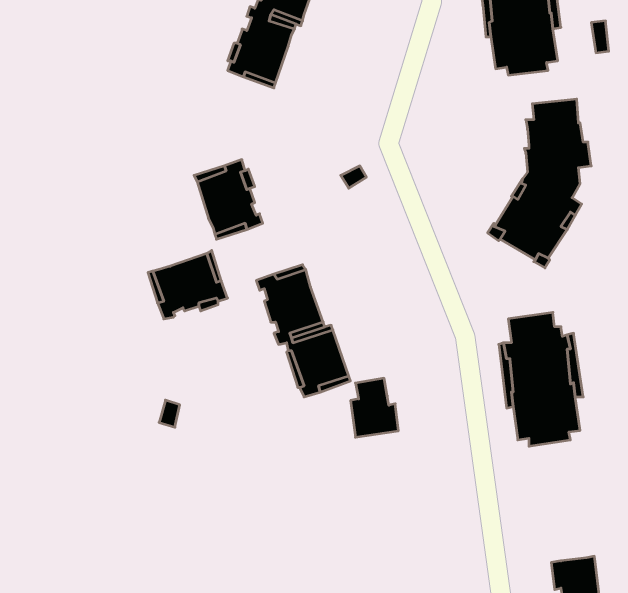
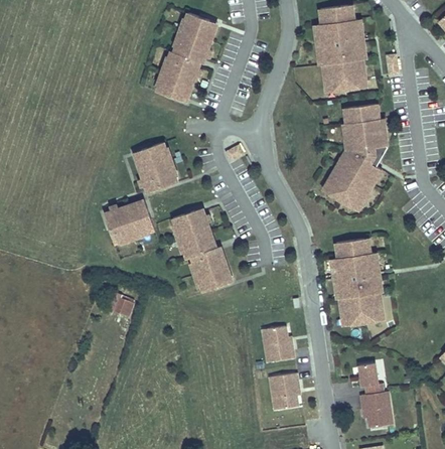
building: [351,378,398,437] -> [263,326,293,363]
building: none -> [358,365,383,397]
building: none -> [268,375,298,411]

